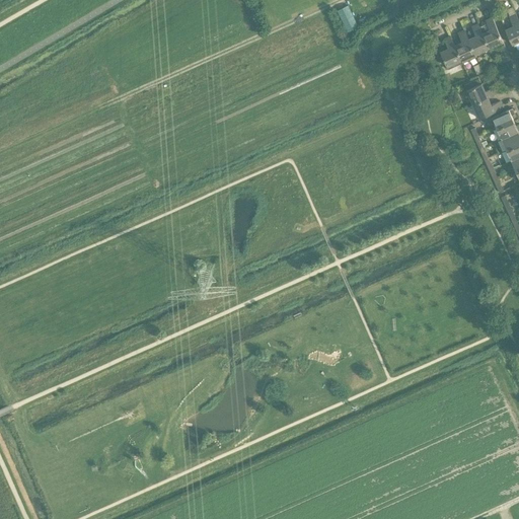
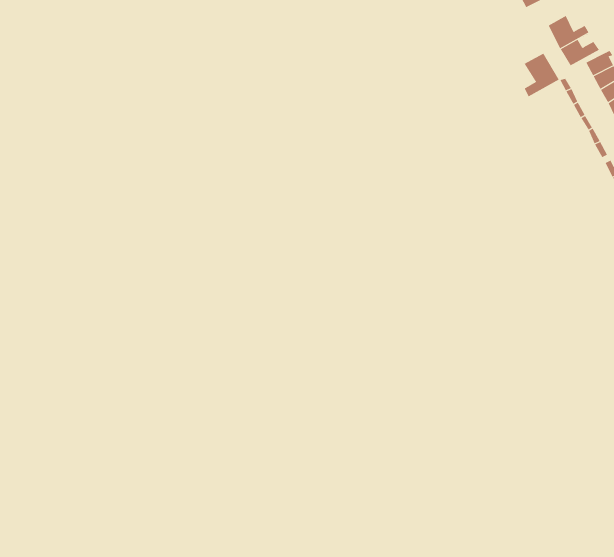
building: none -> [524,53,560,97]

